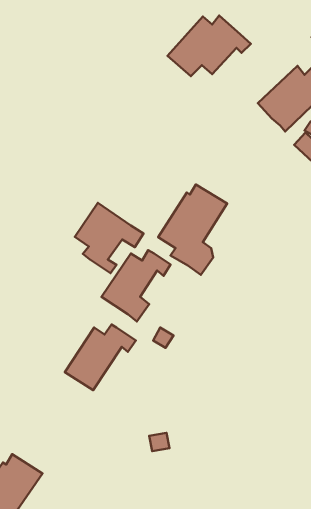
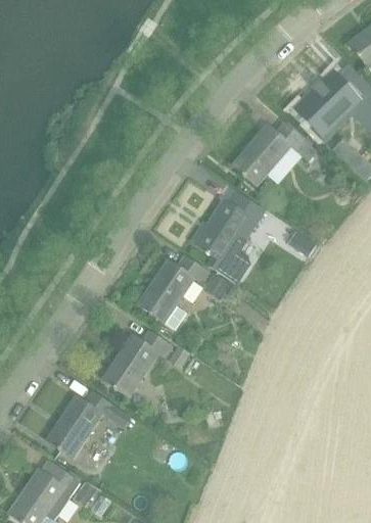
building: [167,15,251,76] -> [231,123,315,184]
building: [75,203,143,273] -> none
building: none -> [45,391,129,457]

